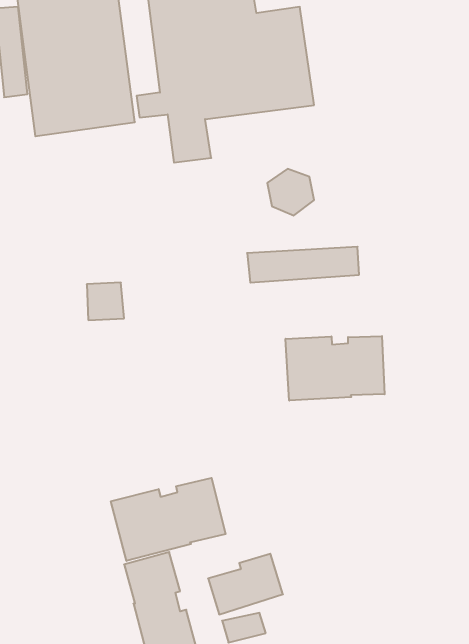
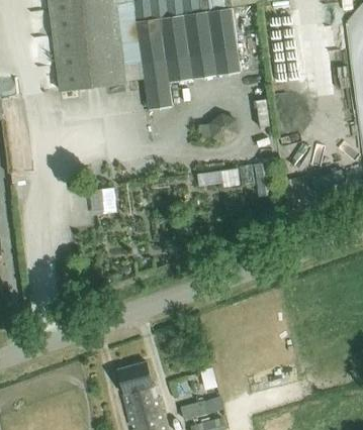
building: [286,336,385,401] -> none
building: [111,478,226,561] -> none

